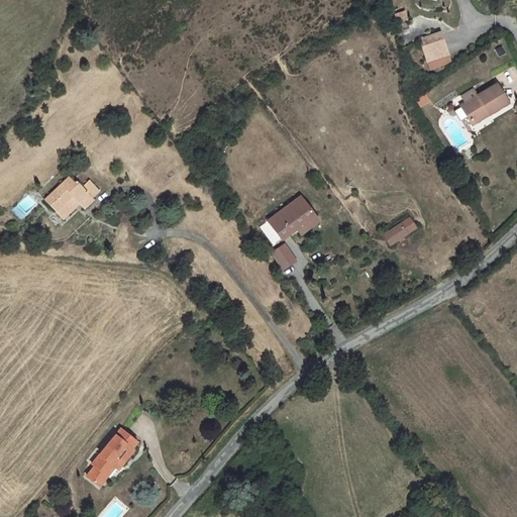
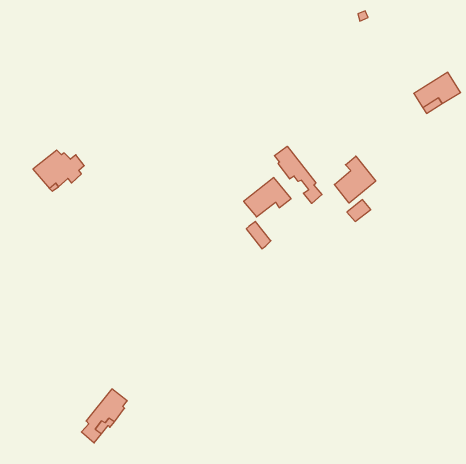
building: [420,33,450,65] -> none
building: none -> [274,146,322,203]
building: none -> [334,156,376,203]

